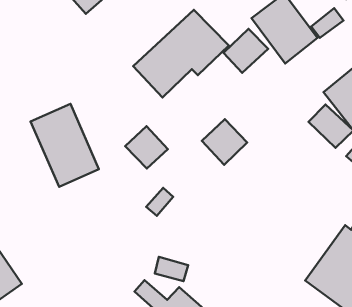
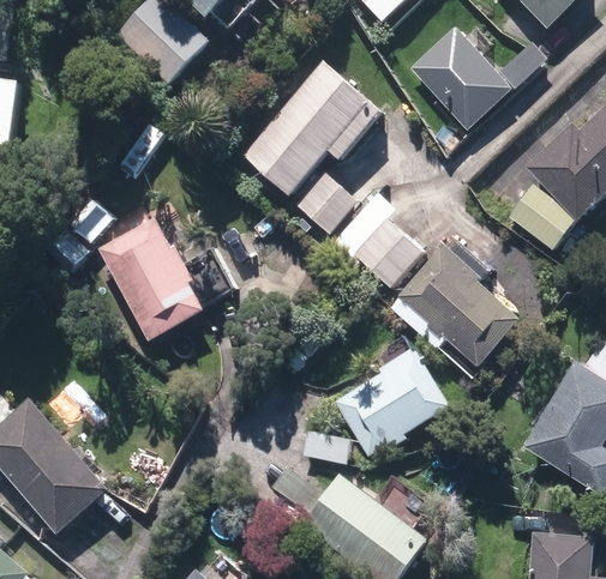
building: [223,29,268,73] -> none
building: [125,126,168,168] -> [294,170,358,233]
building: none -> [397,243,518,363]
building: none -> [334,350,449,456]

